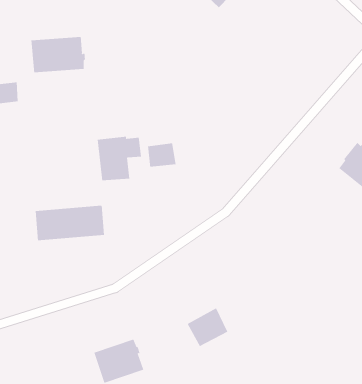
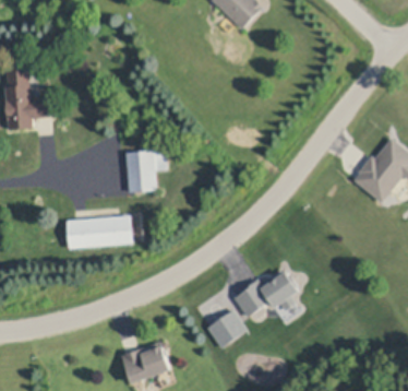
building: [31,36,86,73] -> none
building: [148,143,176,168] -> none
building: none -> [232,270,298,317]

